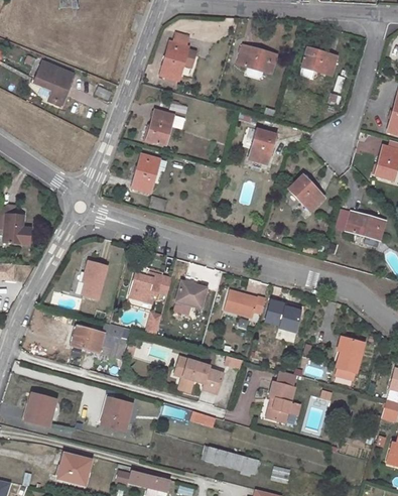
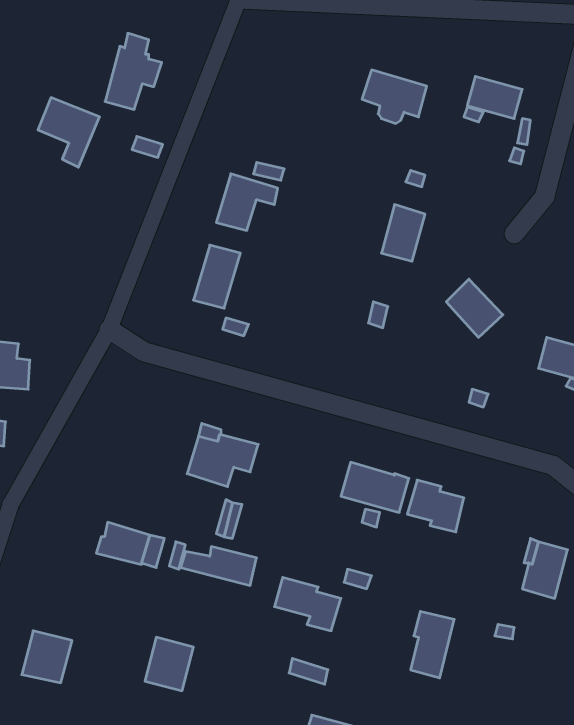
building: [161,32,196,80] -> [105,33,162,109]
building: [82,260,109,299] -> none
building: [175,279,207,307] -> none

